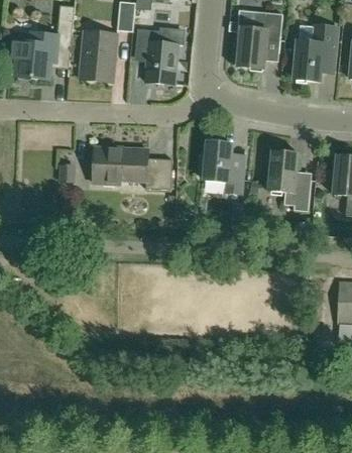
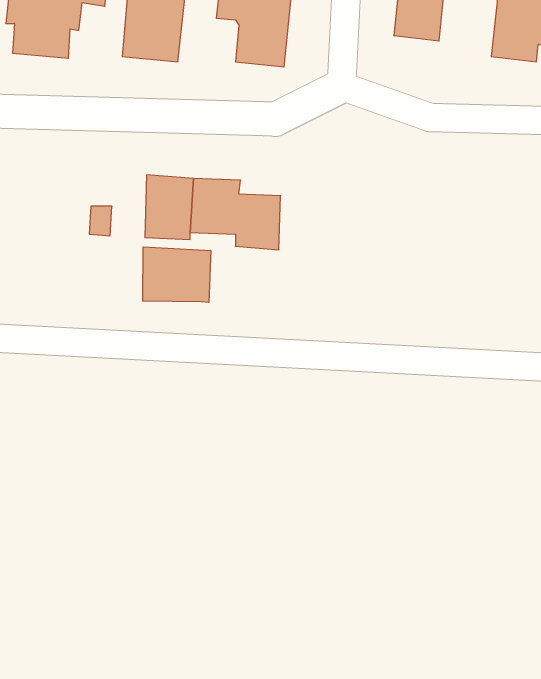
building: [200,140,244,193] -> none
building: [267,149,311,211] -> none
building: none -> [143,247,211,302]

